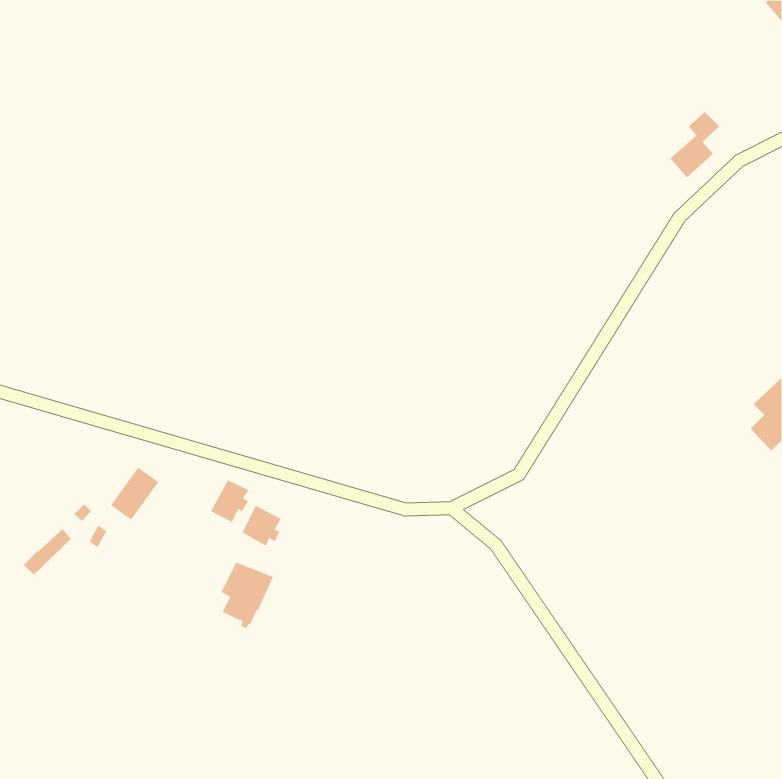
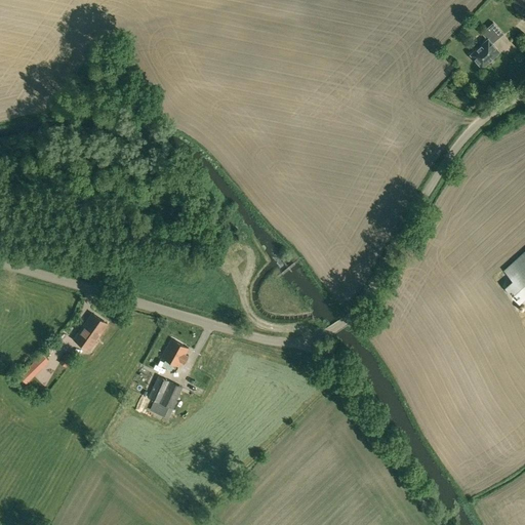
building: [670,111,720,178] -> [471,24,504,69]
building: [210,479,249,523] -> none

